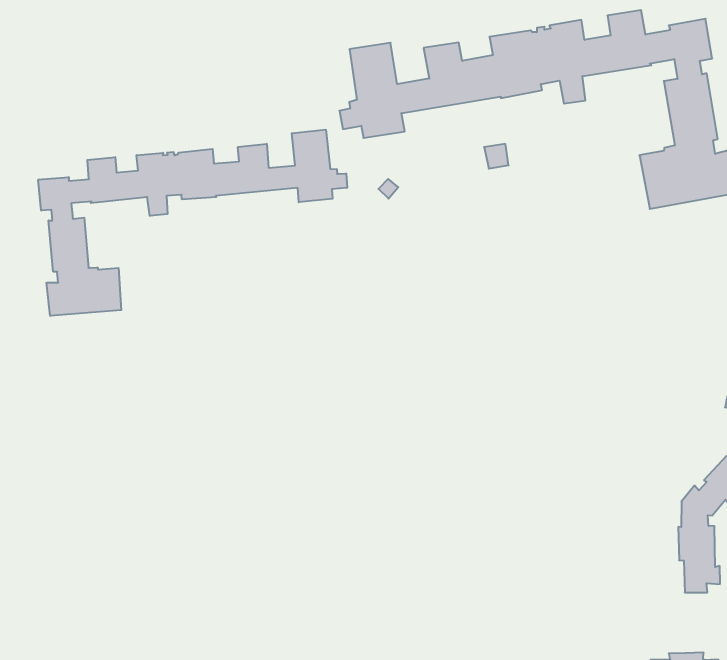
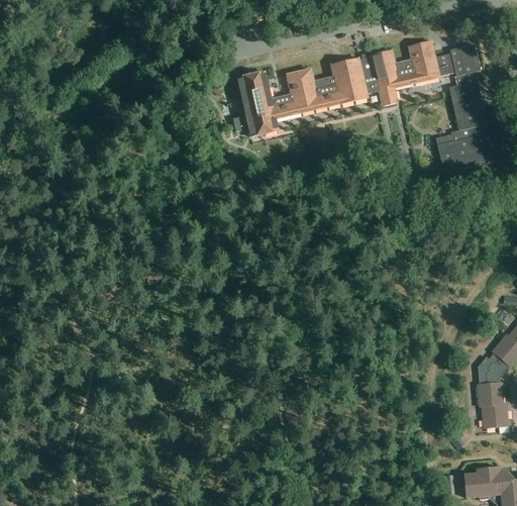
building: [38,130,347,316] -> none

